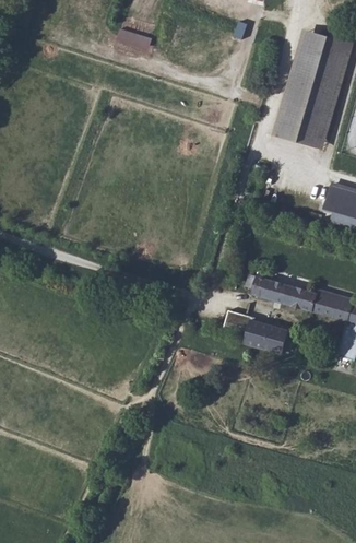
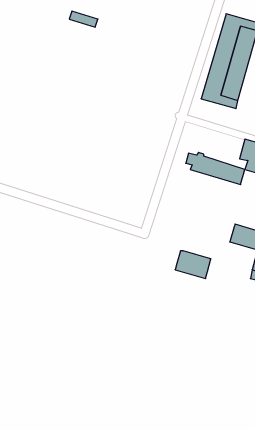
building: [245,271,317,310] -> [186,152,245,185]
building: [224,311,256,337] -> none

